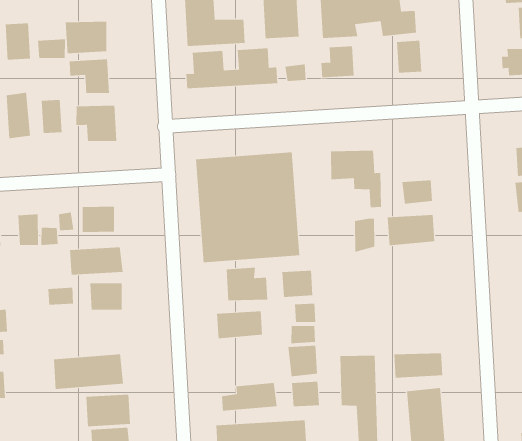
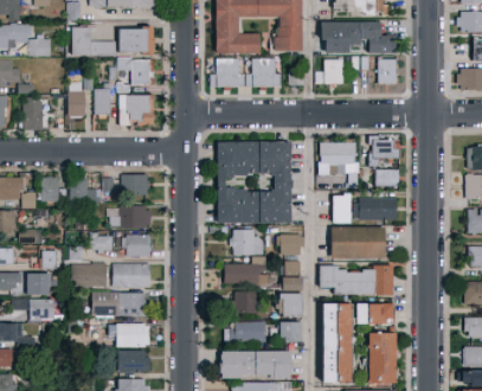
building: none -> [371,137,400,166]
building: none -> [336,226,390,258]
building: none -> [319,264,392,294]
building: none -> [113,262,150,287]
building: none -> [75,262,108,286]
building: none -> [232,290,259,313]

